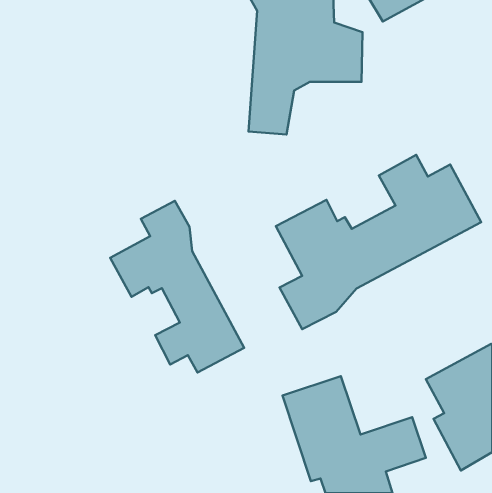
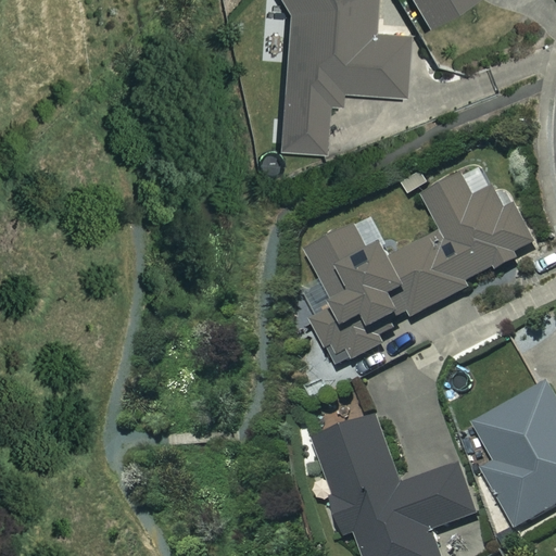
building: [110,201,244,373] -> none

